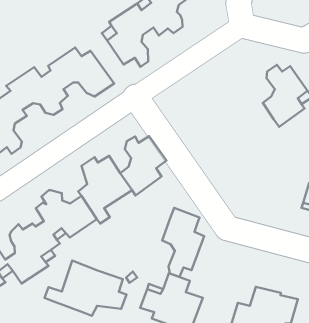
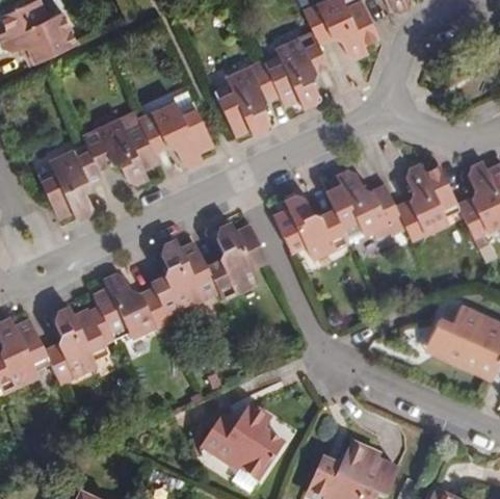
building: none -> [274,173,409,261]
building: [162,208,204,277] -> none
building: [45,261,127,316] -> none

